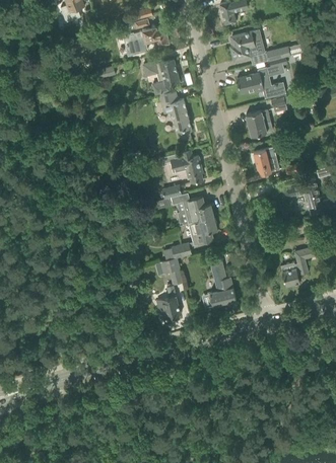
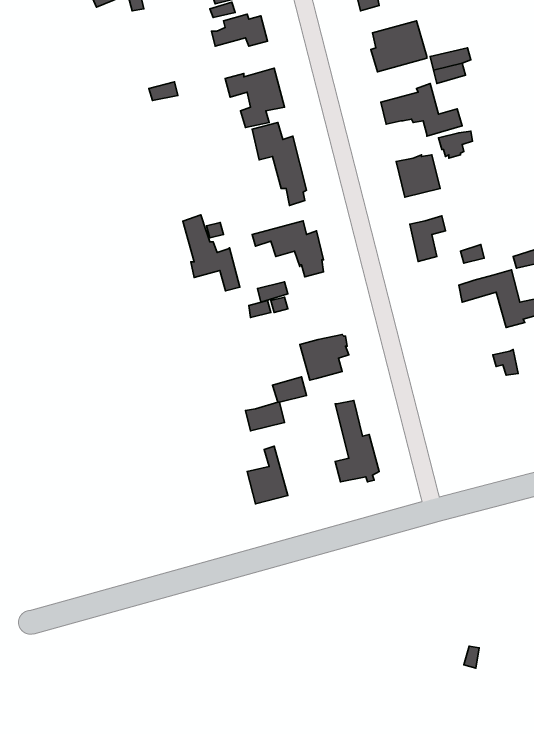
building: none -> [183,215,240,291]
building: [183,197,213,224] -> none
building: [282,247,315,286] -> none

